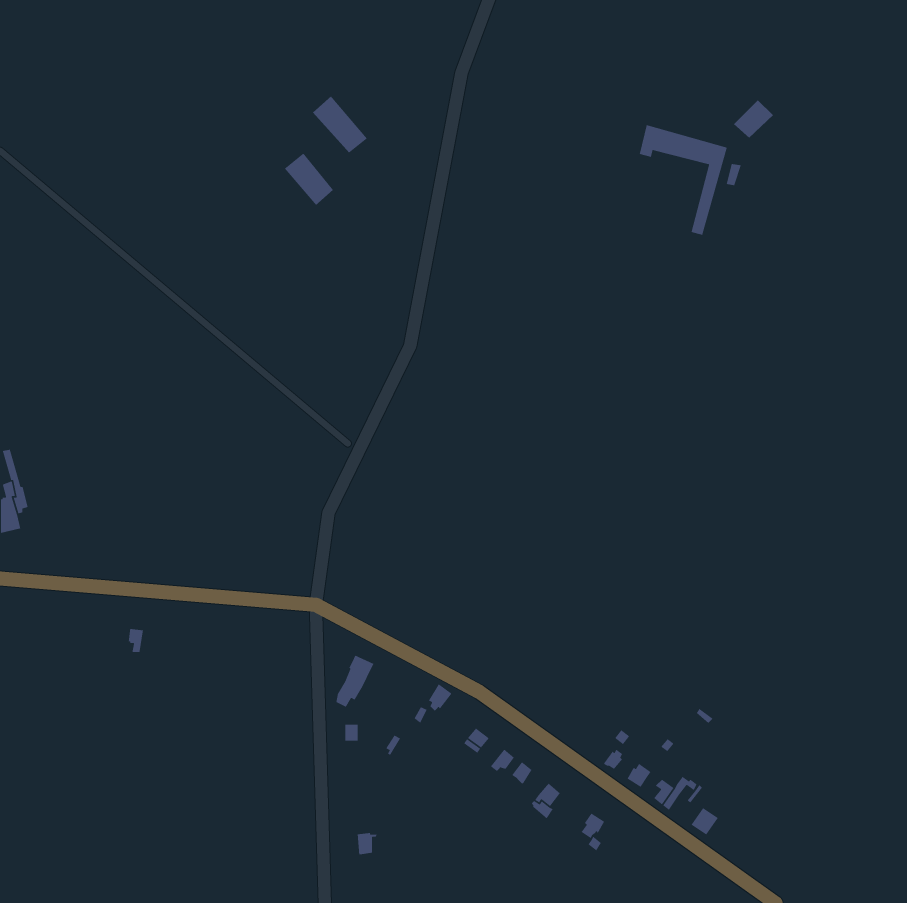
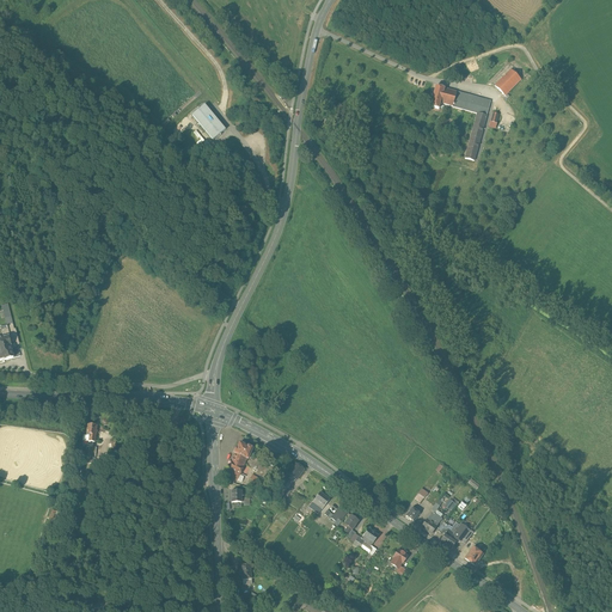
building: [312,96,368,154] -> none

